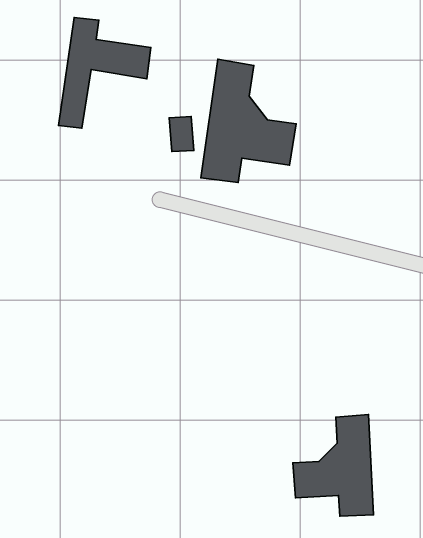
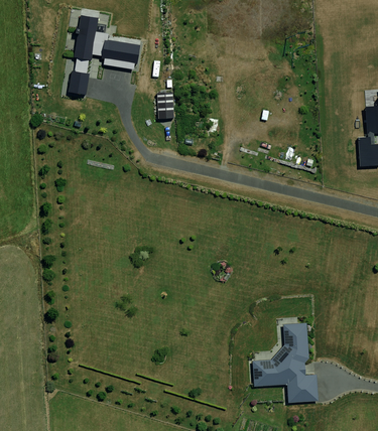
building: [201,59,296,183] -> none

